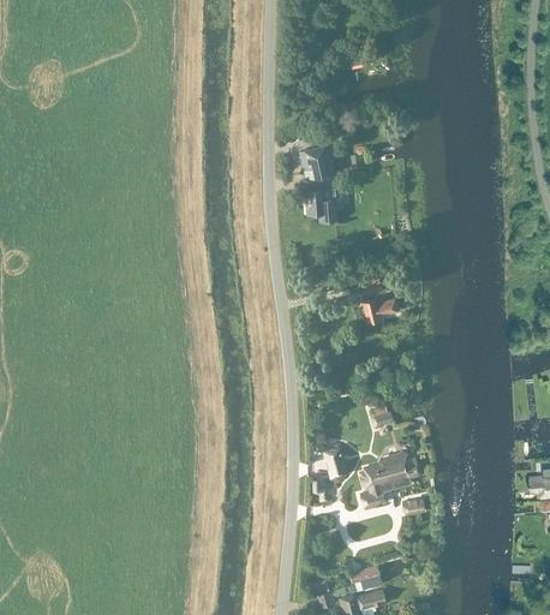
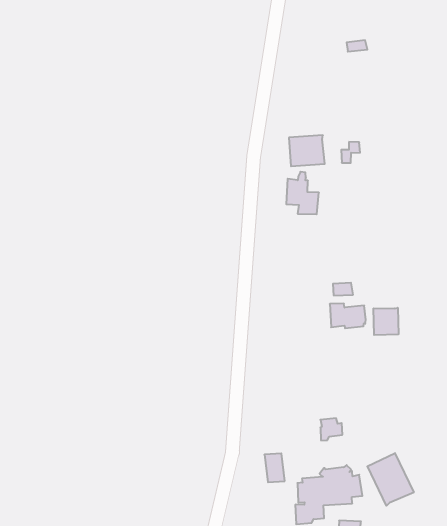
building: none -> [374,308,398,335]
building: none -> [367,453,414,506]

